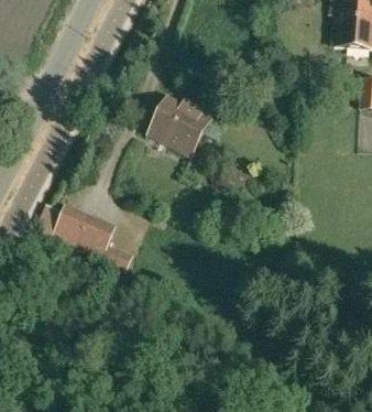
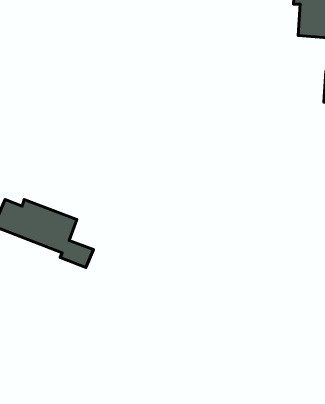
building: [147,94,209,152] -> none

